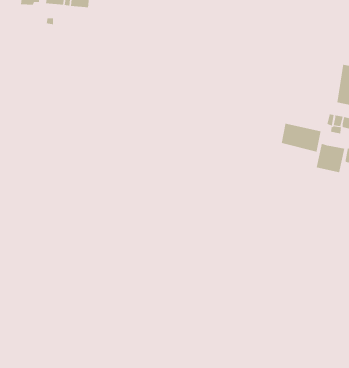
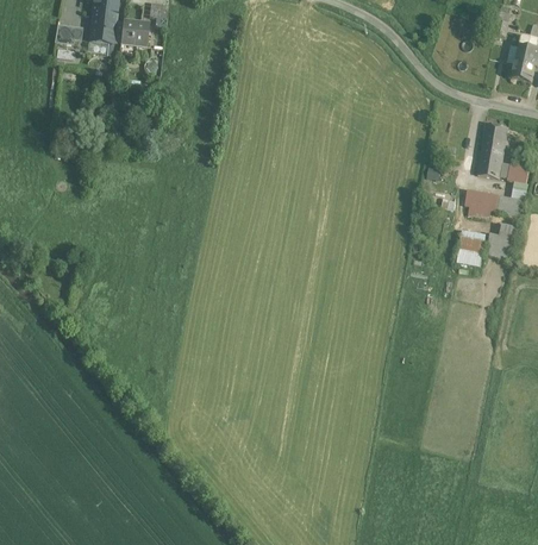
building: [281,123,321,152] -> none

